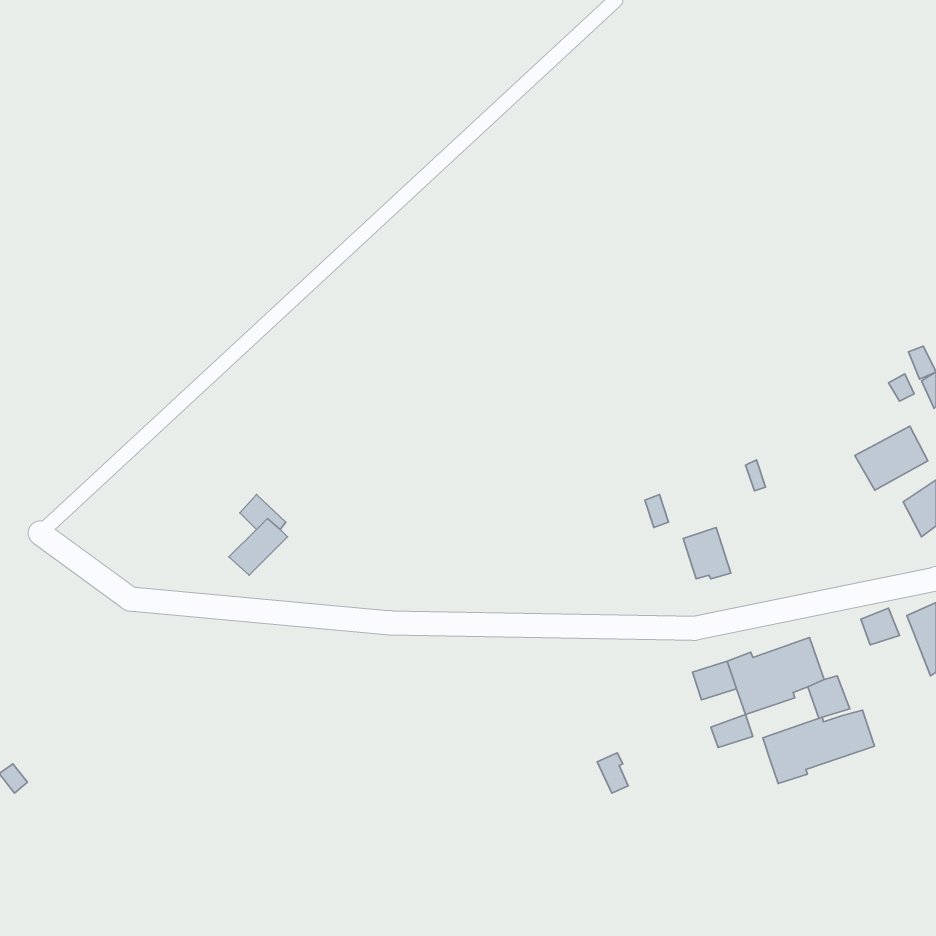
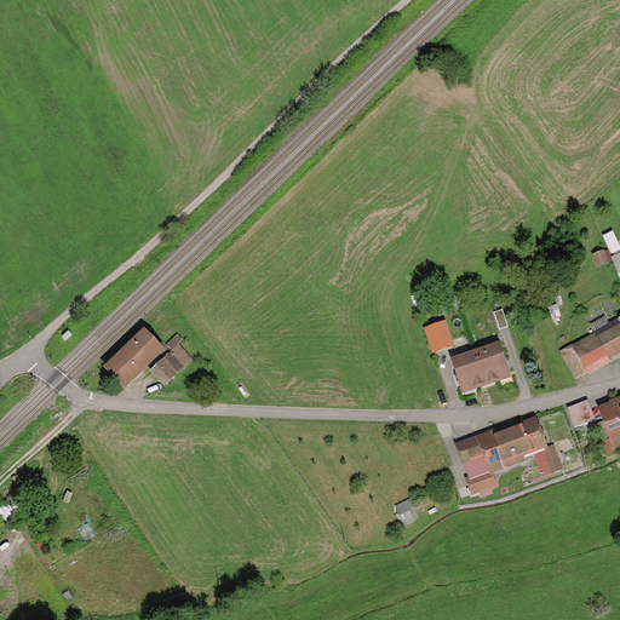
building: [855,426,928,490] -> [561,332,609,374]
building: none -> [104,328,160,383]
building: none -> [473,341,506,379]
building: [763,710,874,783] -> none

